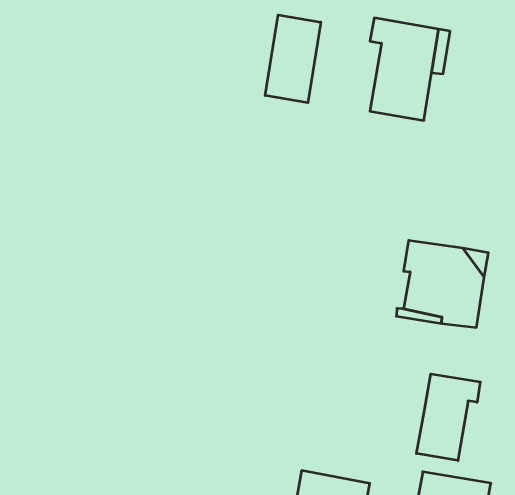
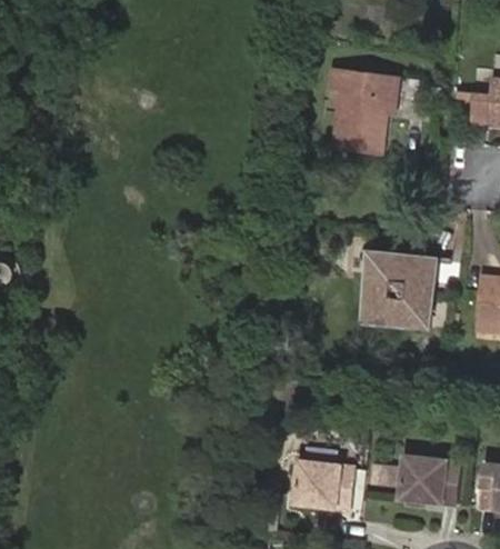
building: [265,15,321,103] -> none
building: [416,374,480,461] -> none

